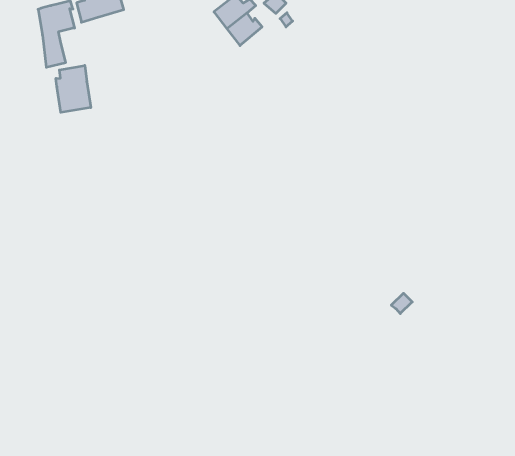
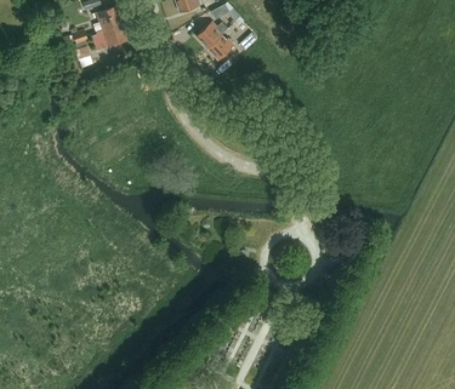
building: [56,65,91,112] -> none

